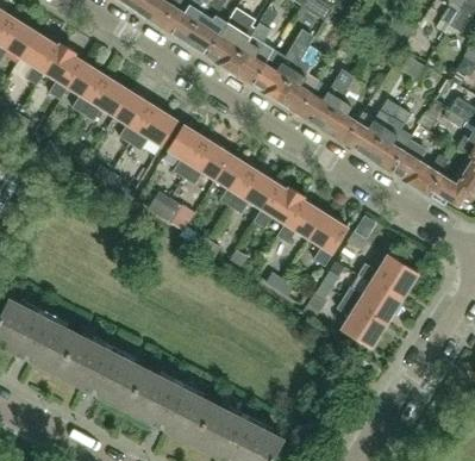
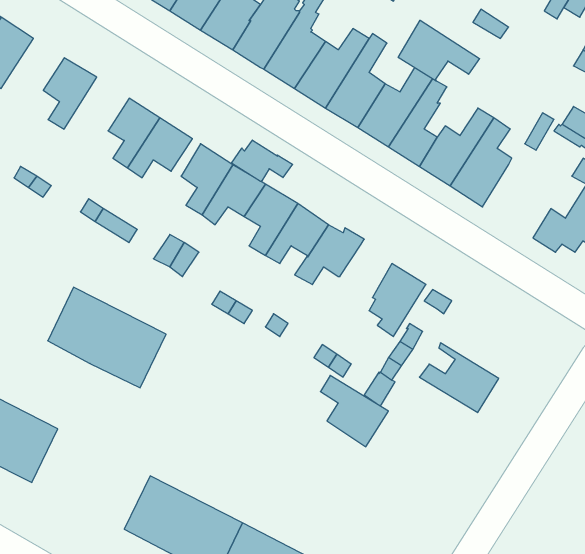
building: none -> [398,20,480,81]
building: [45,44,83,100] -> none
building: [83,76,131,122] -> none
building: none -> [231,140,293,181]
building: [390,141,448,194] -> none
building: [276,199,324,244] -> none
building: [360,255,418,298] -> none
building: [337,297,387,349] -> [320,375,388,447]
building: [60,335,146,409] -> [48,287,166,388]

